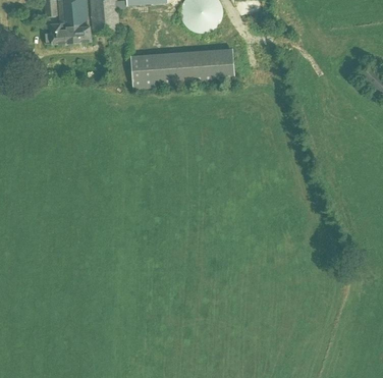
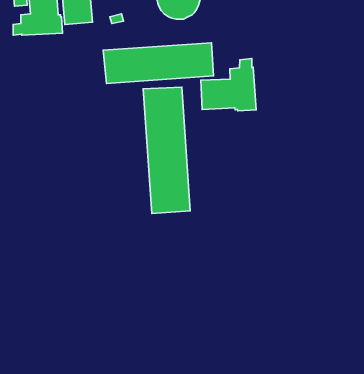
building: none -> [201,58,256,111]
building: none -> [143,87,190,214]

